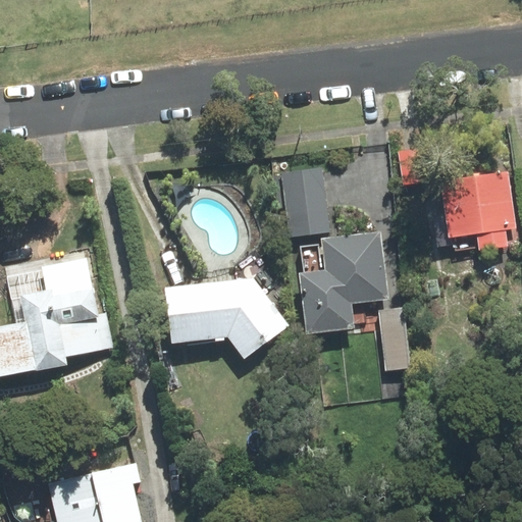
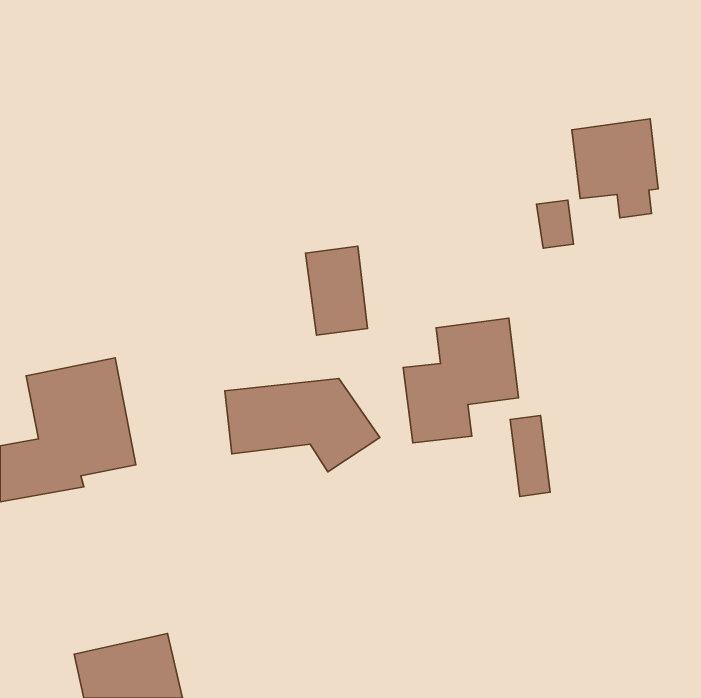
building: [282,169,328,236] -> [306,246,367,335]
building: [446,174,510,248] -> [572,119,658,218]

